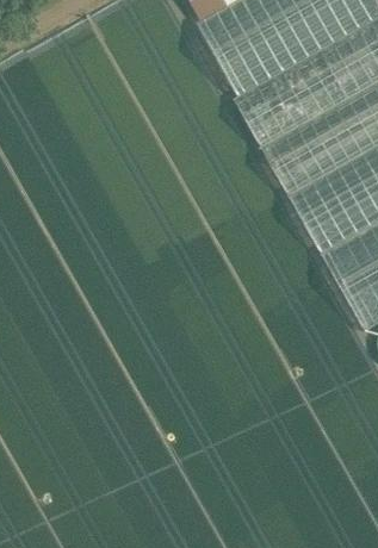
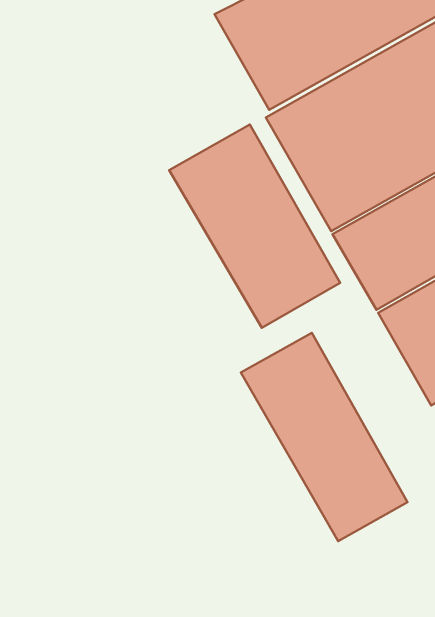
building: none -> [169,125,340,328]
building: none -> [241,333,408,541]

